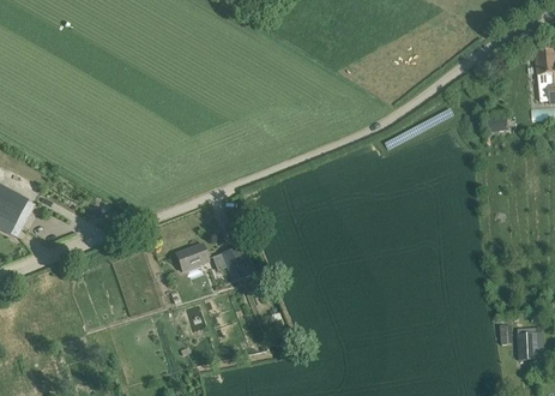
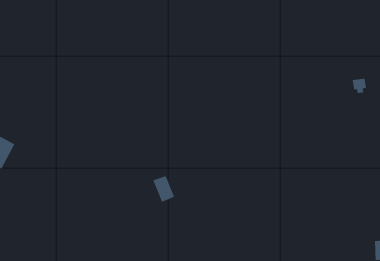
building: [175,242,207,270] -> none

